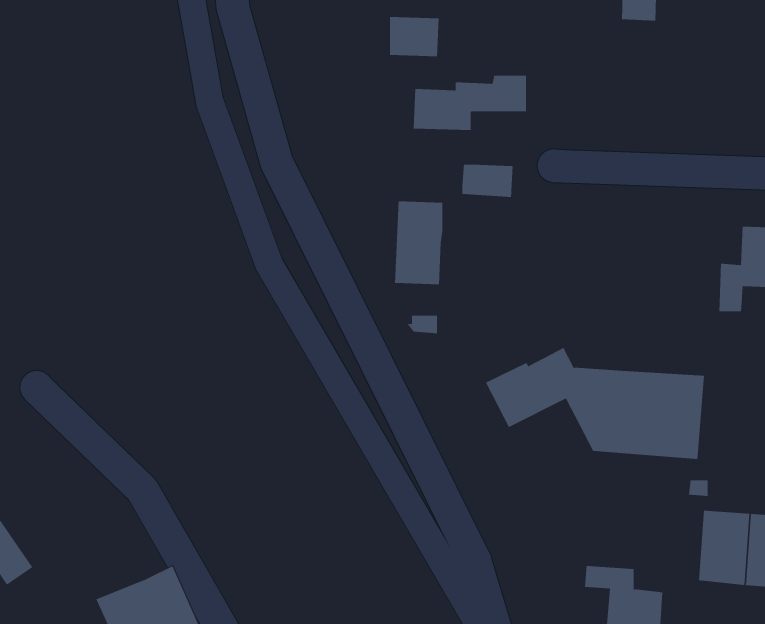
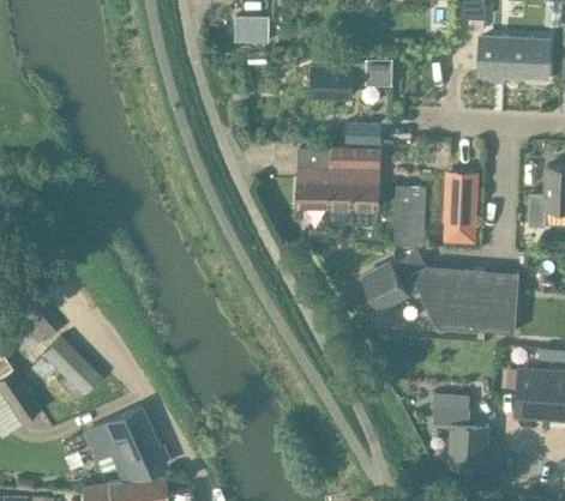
building: [389,17,440,57] -> [234,14,270,43]
building: none -> [476,38,548,83]
building: none -> [329,147,379,209]
building: none -> [441,170,480,243]
building: none -> [393,186,426,248]
building: none -> [43,337,100,399]

